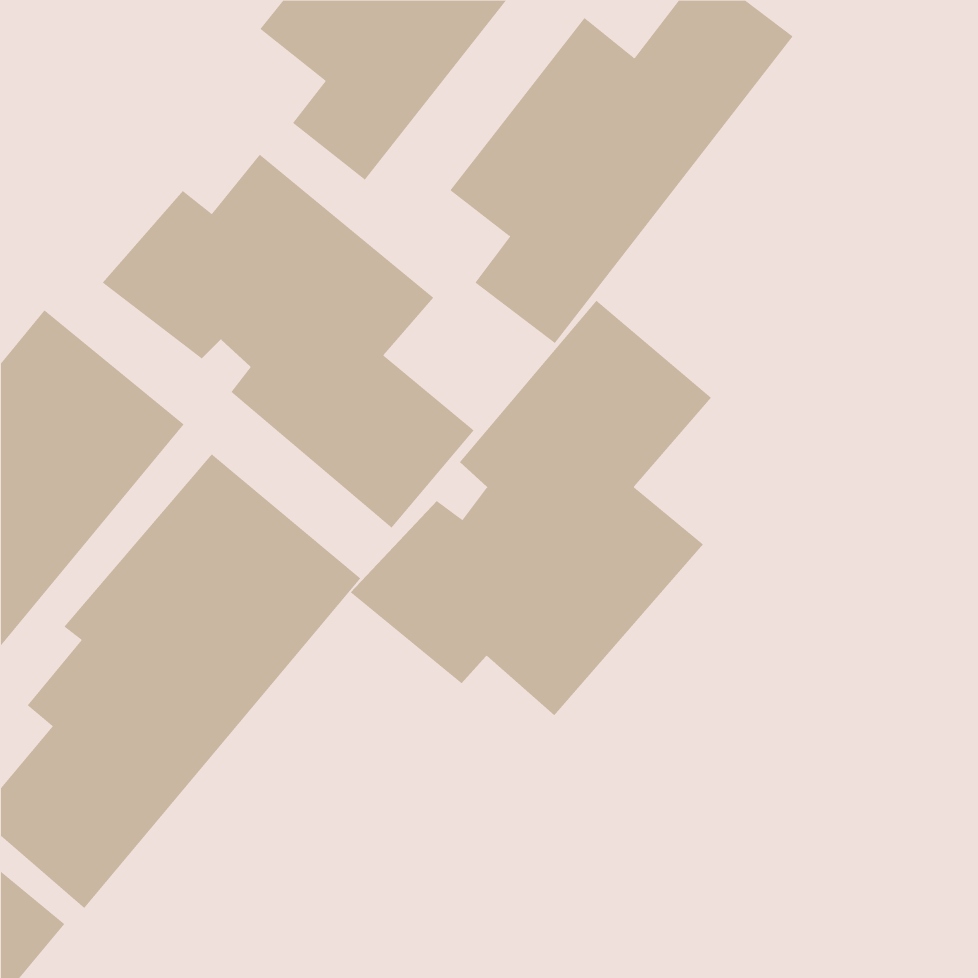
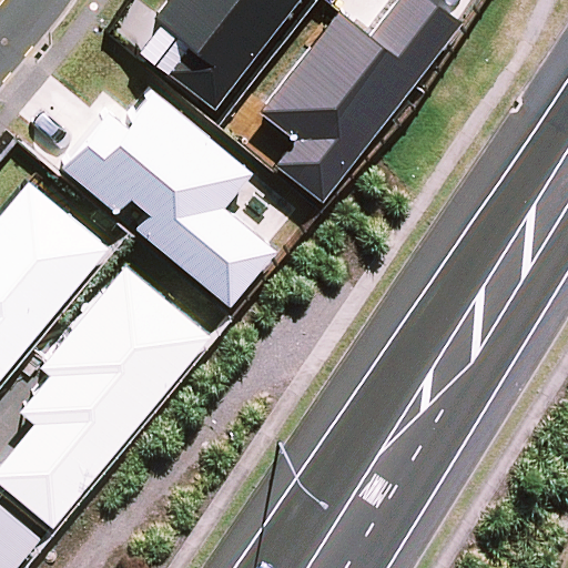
building: [350,300,712,716] -> none

